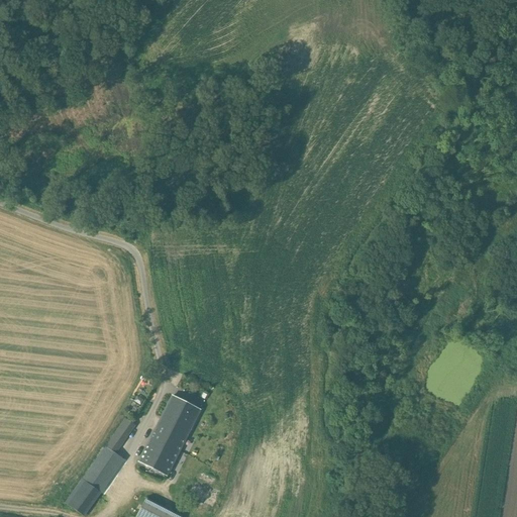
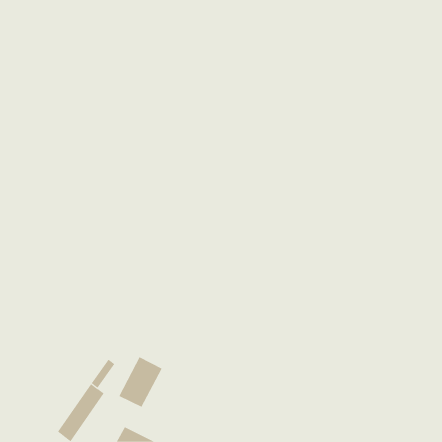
building: [163,396,200,430] -> none

